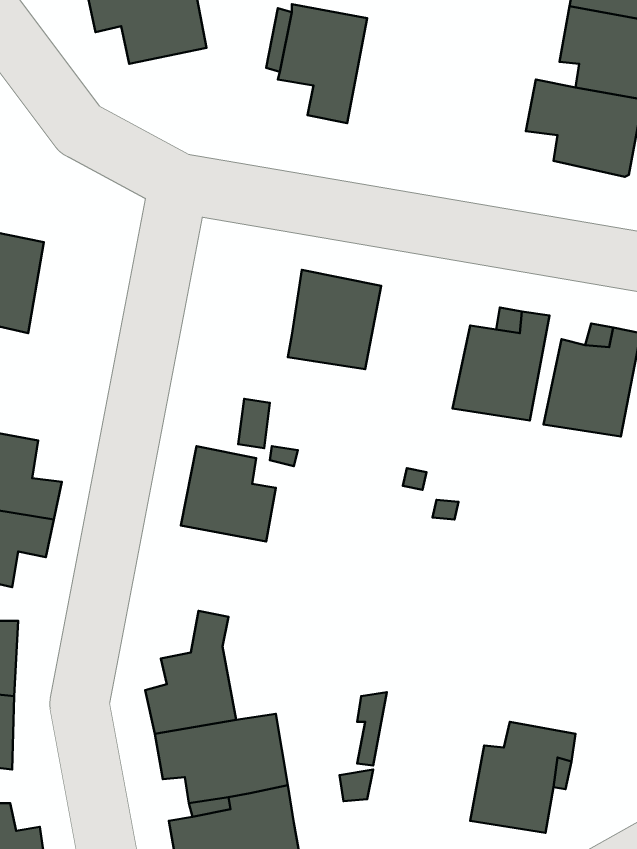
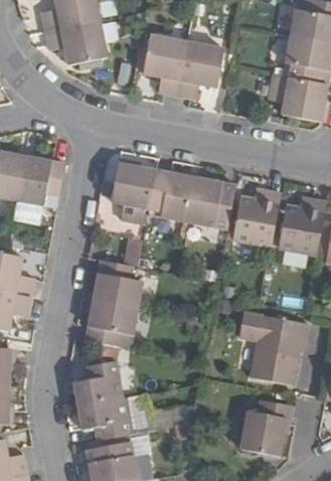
building: none -> [178,42,223,99]
building: none -> [16,156,64,206]
building: none -> [112,163,155,224]
building: none -> [187,178,235,225]
building: none -> [86,300,137,348]
building: none -> [239,312,306,385]

